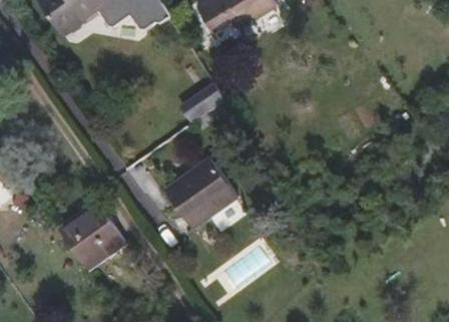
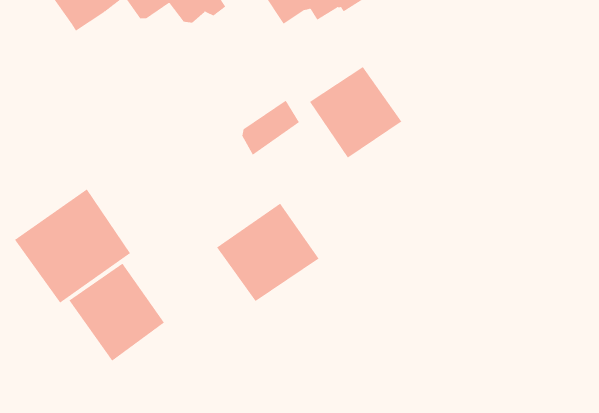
building: none -> [309,66,402,158]
building: none -> [14,188,131,304]

